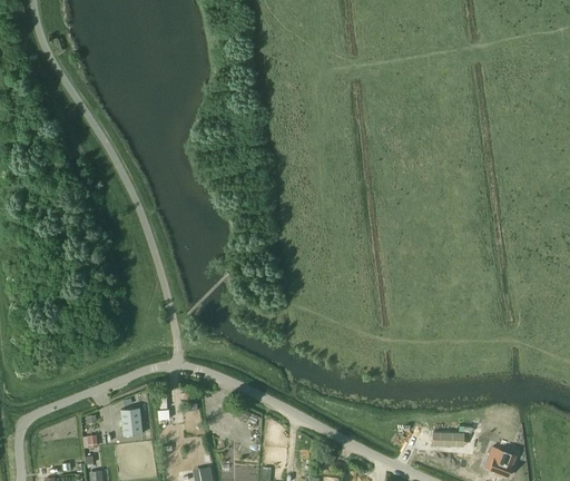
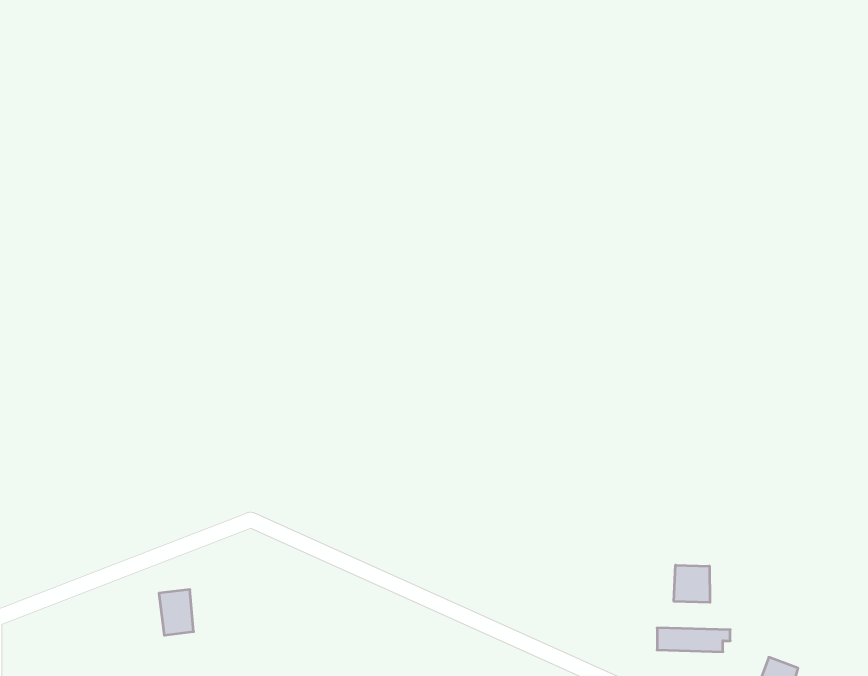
building: none -> [674,565,710,602]

